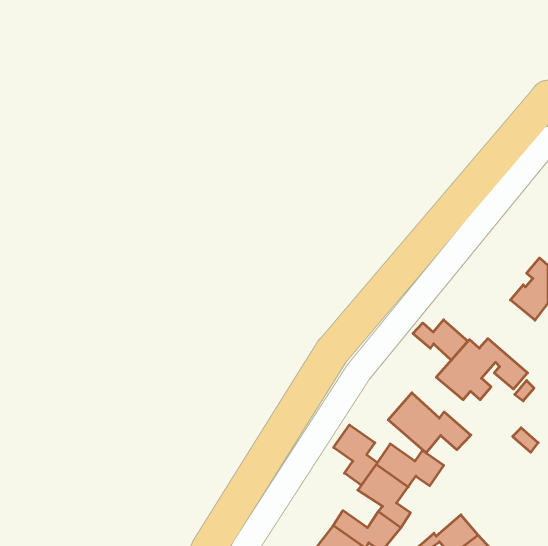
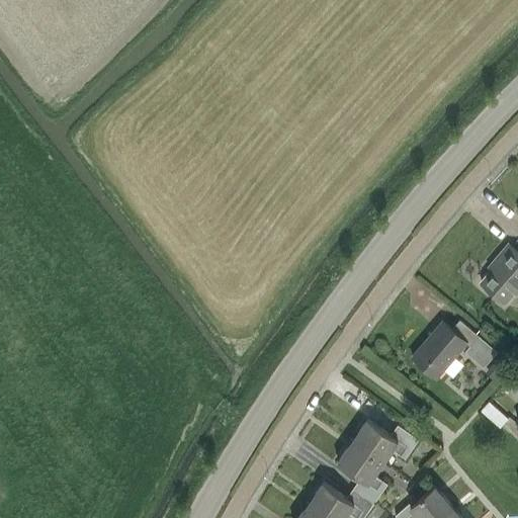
building: [413,320,468,360] -> none
building: [388,393,471,453] -> none
building: [334,425,377,485] -> none

